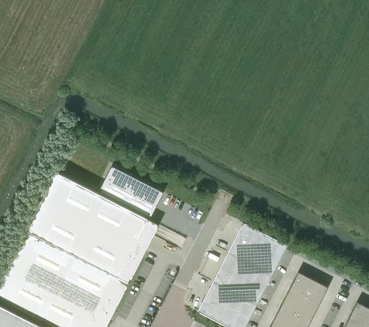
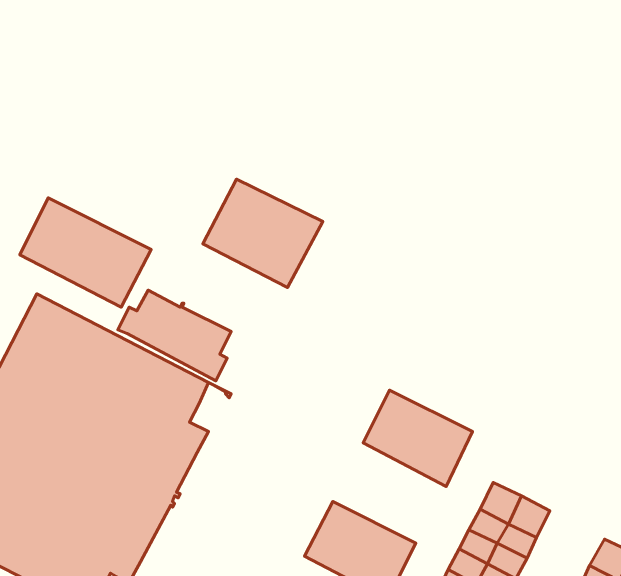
building: none -> [203,179,323,288]
building: none -> [20,198,151,307]
building: [213,252,273,305] -> none

